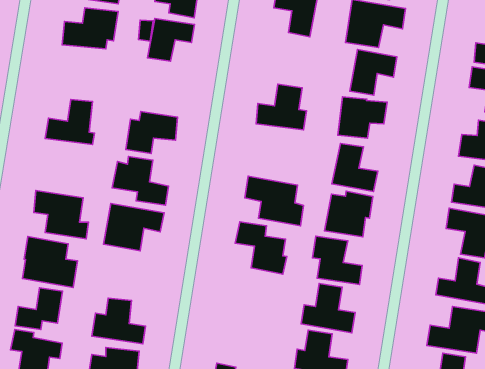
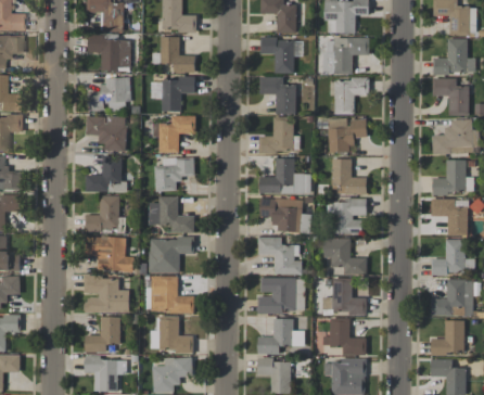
building: none -> [259,76,296,114]
building: none -> [86,116,126,149]
building: none -> [157,115,195,153]
building: none -> [259,158,310,194]
building: none -> [85,195,125,231]
building: none -> [150,276,193,313]
building: none -> [257,278,304,313]
building: none -> [257,319,304,354]

